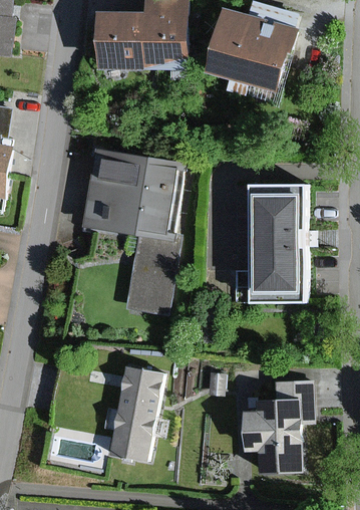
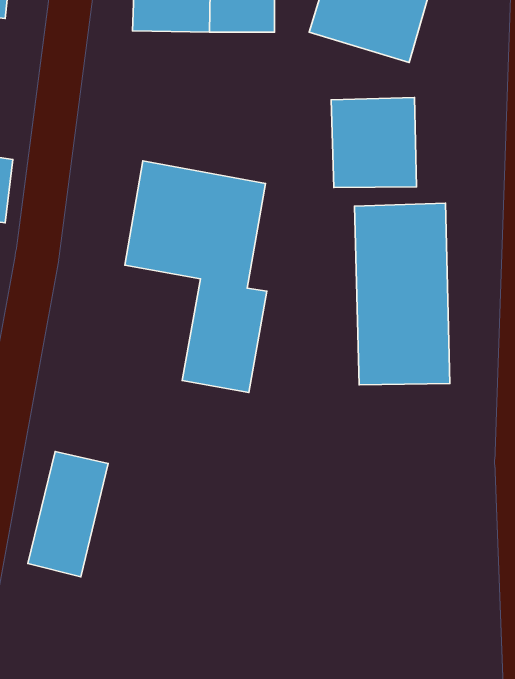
building: none -> [331,98,416,188]
building: [112,372,165,456] -> [28,451,108,577]
building: [244,395,304,465] -> none

